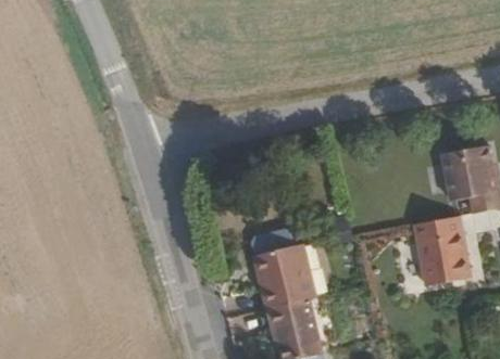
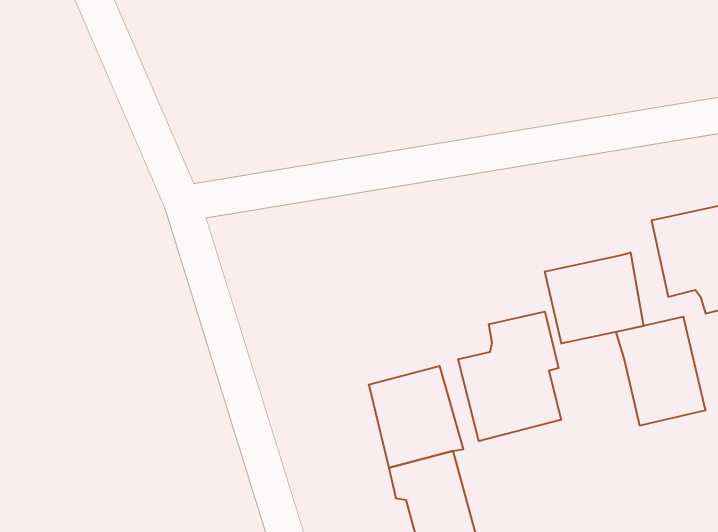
building: none -> [545,252,643,344]
building: none -> [458,312,561,441]

